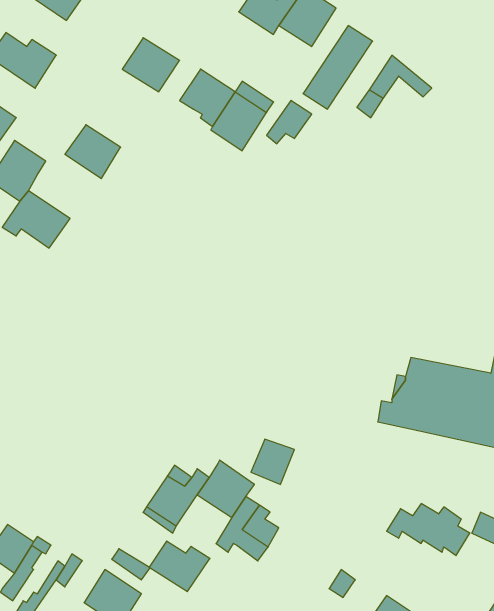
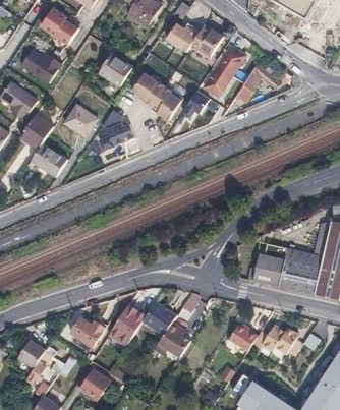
building: none -> [99,123,134,151]
building: none -> [230,321,257,349]
building: [149,541,210,592] -> [70,314,106,344]

